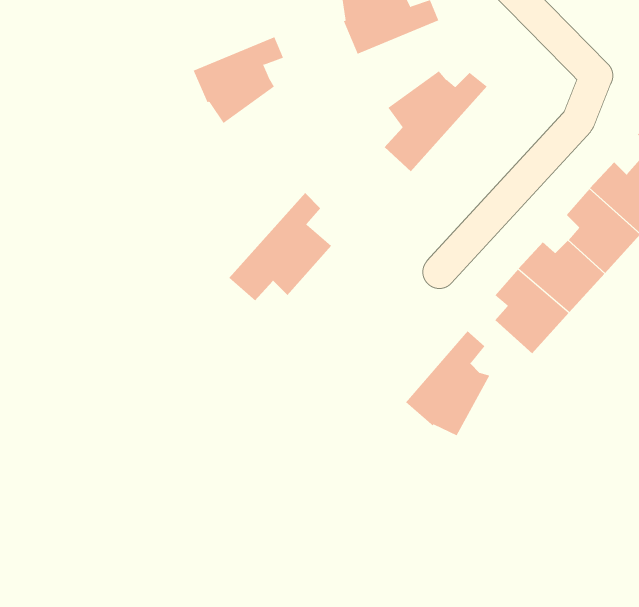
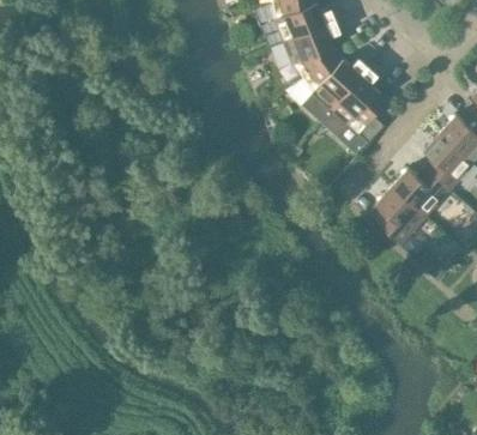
building: [193,36,284,124] -> [284,19,345,78]
building: [229,192,332,301] -> [320,64,390,137]
building: [405,331,490,436] -> none

